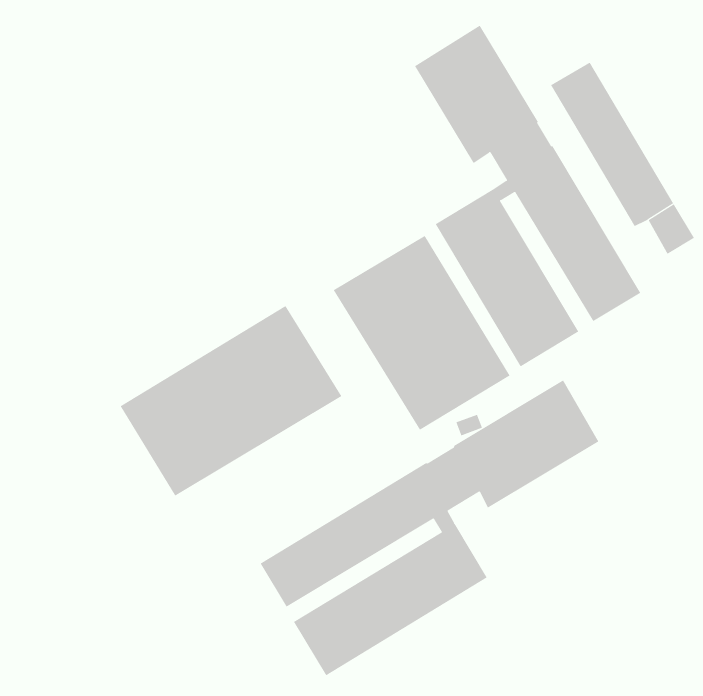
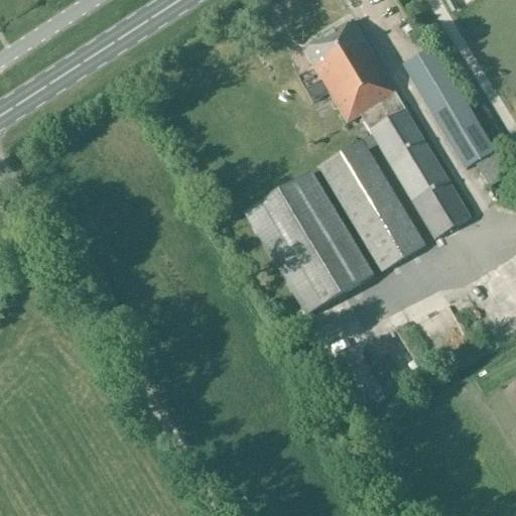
building: [120,305,342,497] -> none
building: [260,379,599,676] -> none

